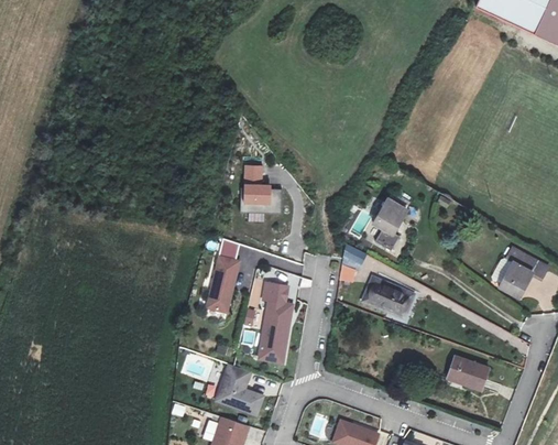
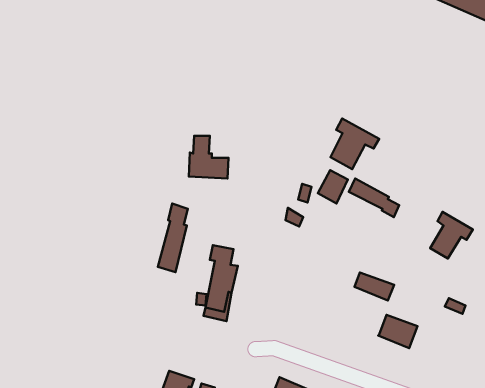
building: none -> [330,119,379,169]
building: none -> [349,178,399,217]
building: [370,283,412,313] -> [355,272,394,300]
building: [214,361,263,414] -> none

